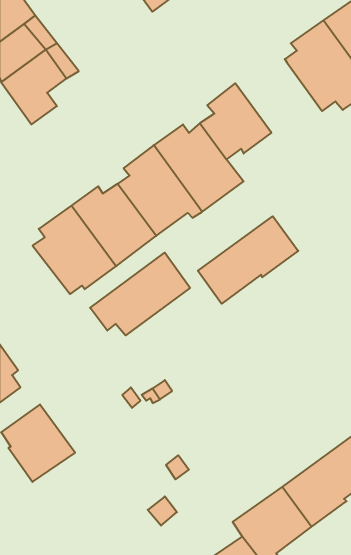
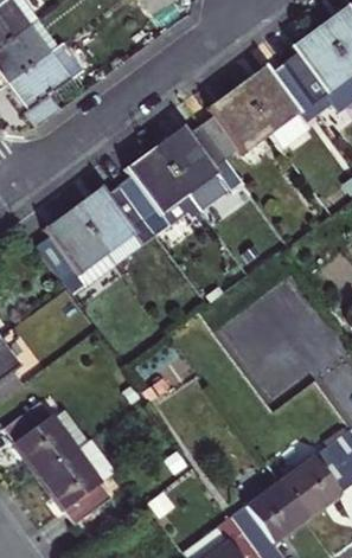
building: none -> [233,63,319,149]
building: [198,216,298,304] -> none
building: [90,253,190,335] -> none
building: none -> [36,447,113,522]

